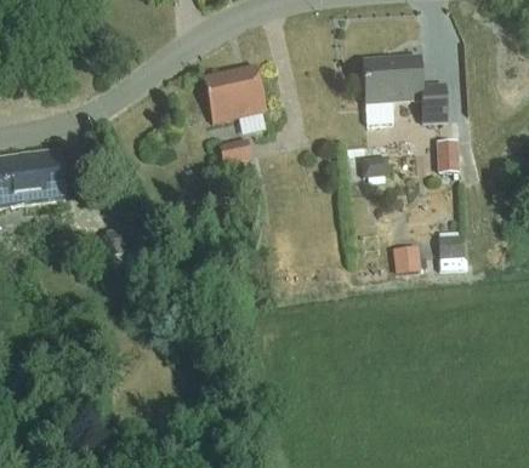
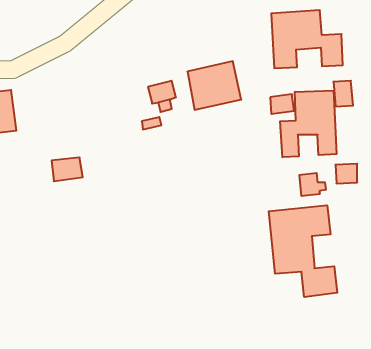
building: [203,64,266,121] -> [187,61,241,110]
building: none -> [280,91,337,157]
building: none -> [269,205,337,297]

